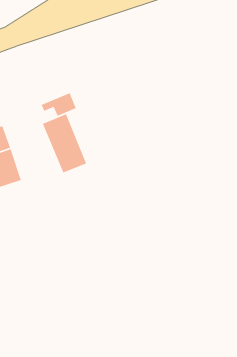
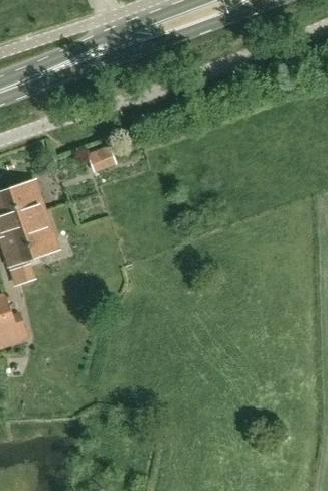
building: [42,113,87,174] -> none

